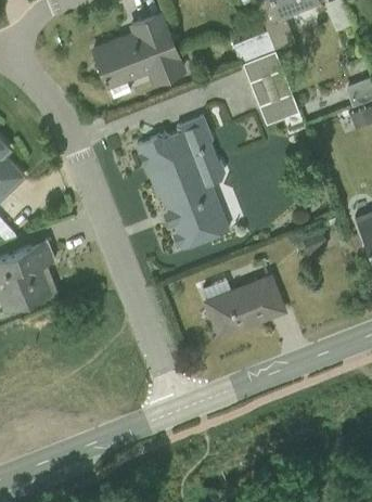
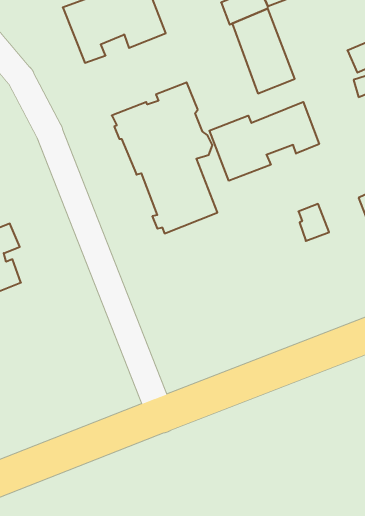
building: none -> [209,102,319,181]
building: [203,278,284,336] -> none

